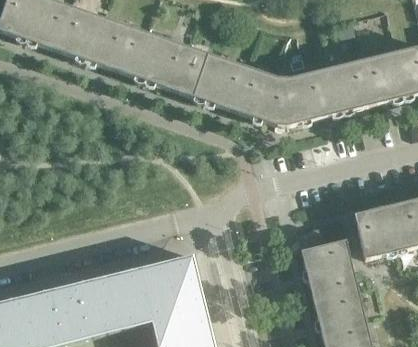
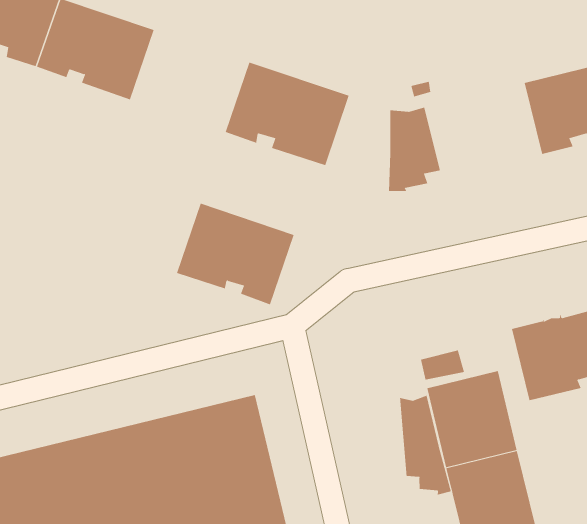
building: [115,26,189,90] -> [176,203,294,305]
building: [299,59,372,119] -> none
building: [237,67,277,127] -> none
building: none -> [400,395,451,495]

